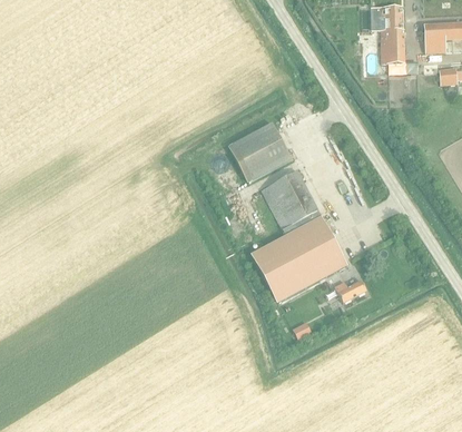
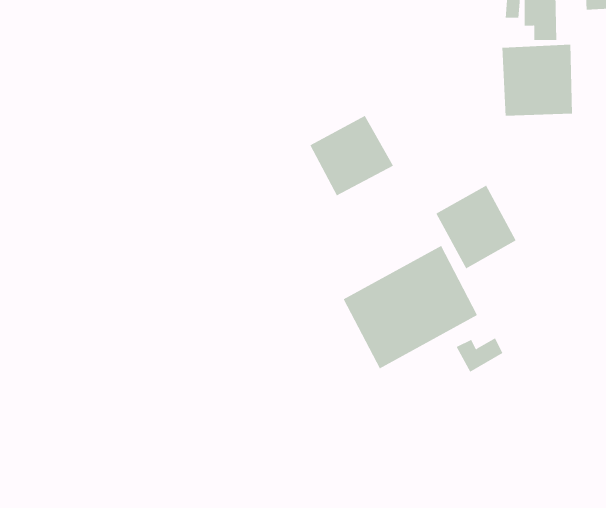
building: none -> [502,44,573,117]
building: [259,170,316,229] -> [436,185,517,269]

